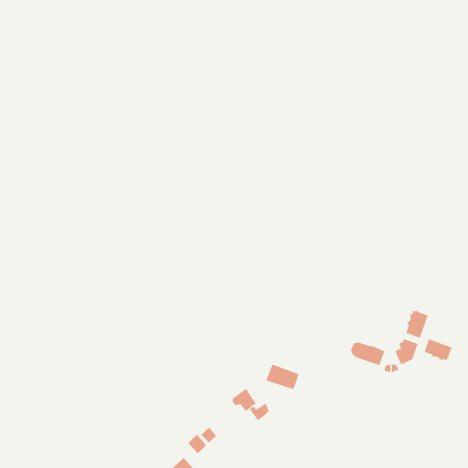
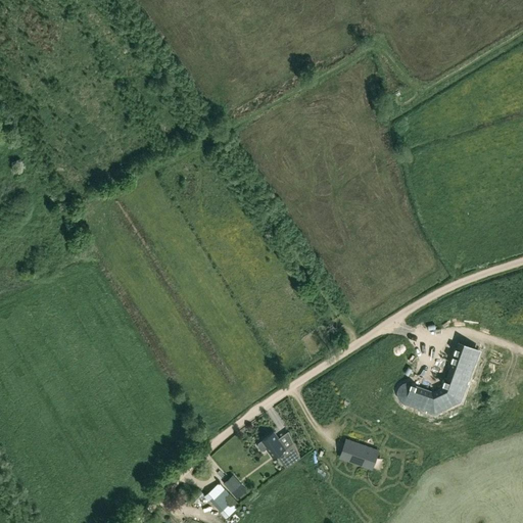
building: [424,338,452,361] -> none
building: [265,364,299,390] -> [339,440,377,469]

